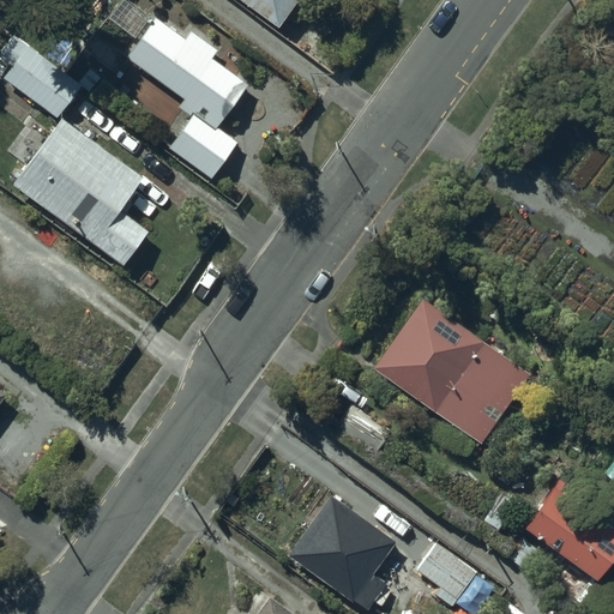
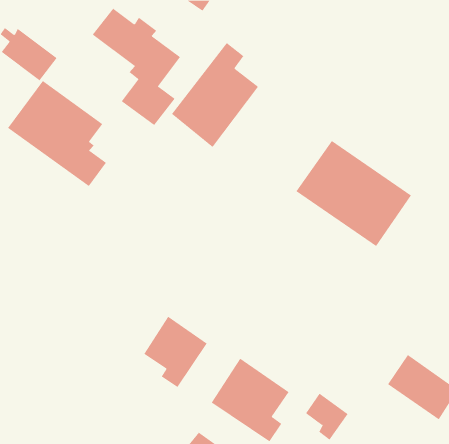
building: none -> [171,42,259,148]
building: [371,297,529,443] -> [295,140,412,247]
building: none -> [143,316,208,388]

